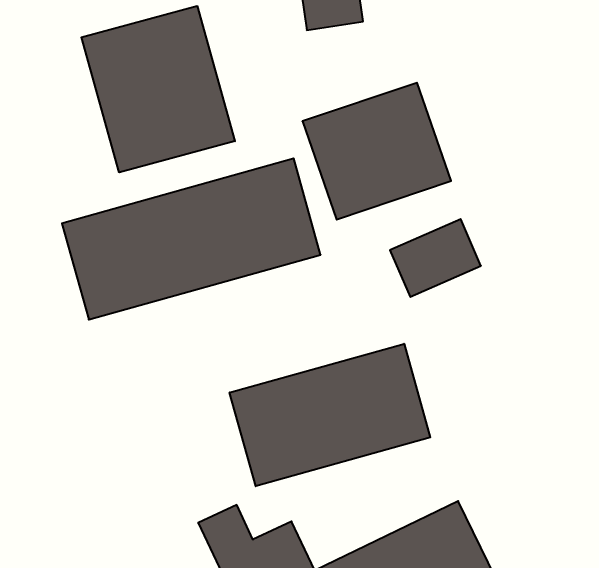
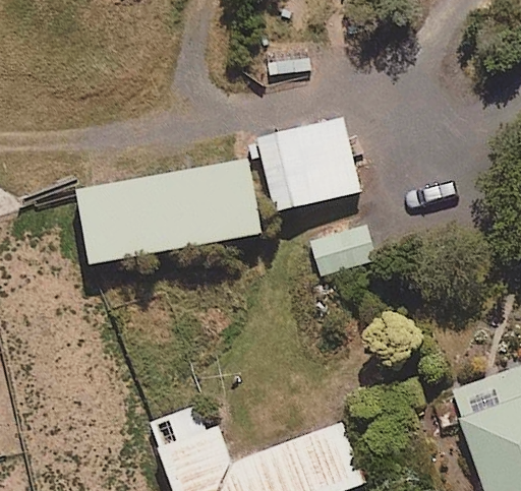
building: [81,6,235,172] -> none
building: [230,344,430,486] -> none

